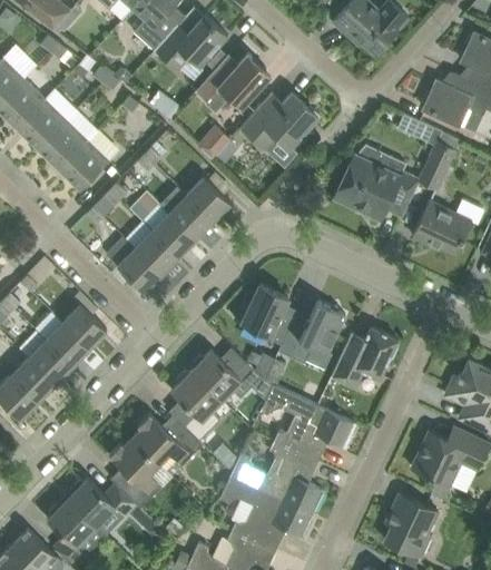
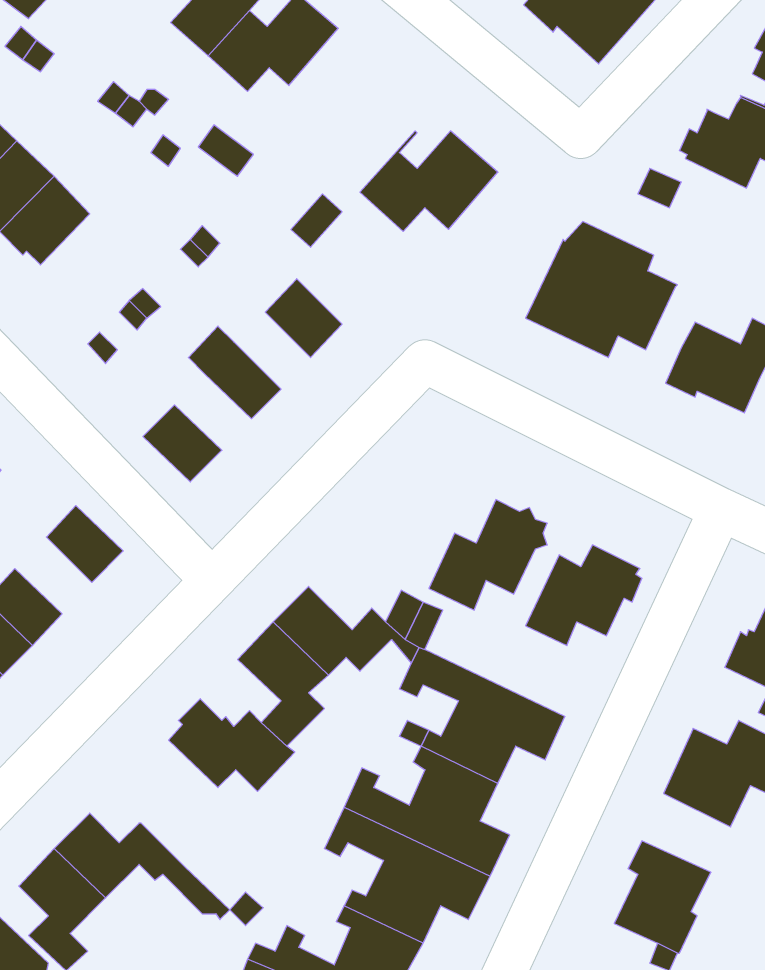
building: [197,52,267,111] -> none
building: [419,131,461,189] -> none
building: [60,139,110,191] -> none
building: [169,195,213,238] -> none
building: [136,229,179,273] -> none
building: [236,284,295,345] -> none
building: [46,322,89,365] -> none
building: [109,436,163,508] -> none

